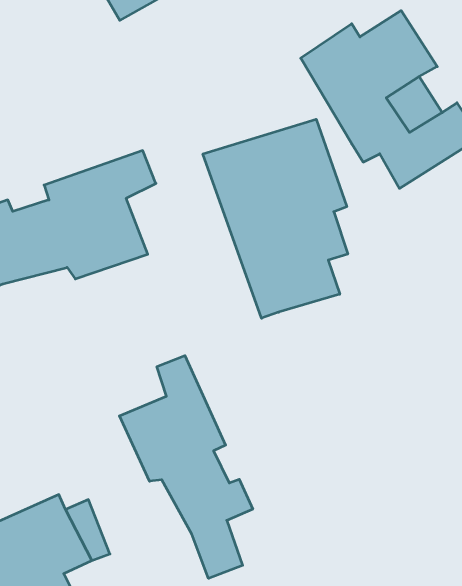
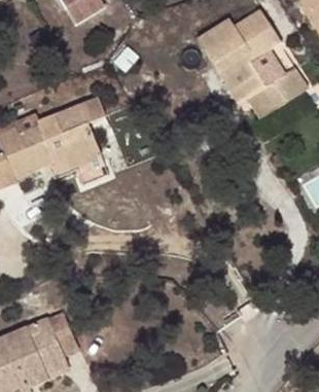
building: [203,119,348,318] -> none
building: [119,356,253,578] -> none

